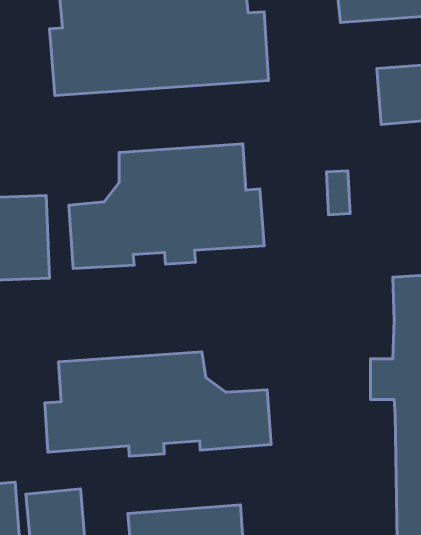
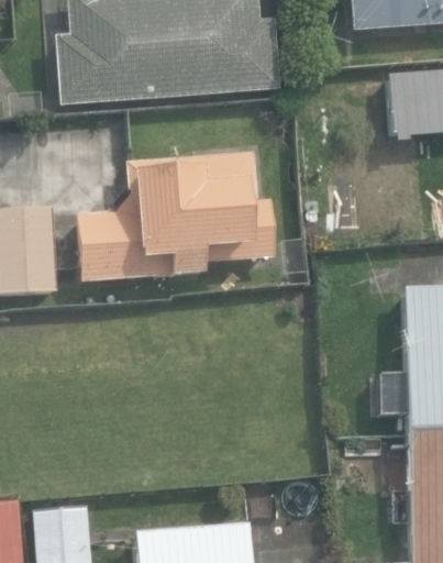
building: [45,352,271,456] -> none

